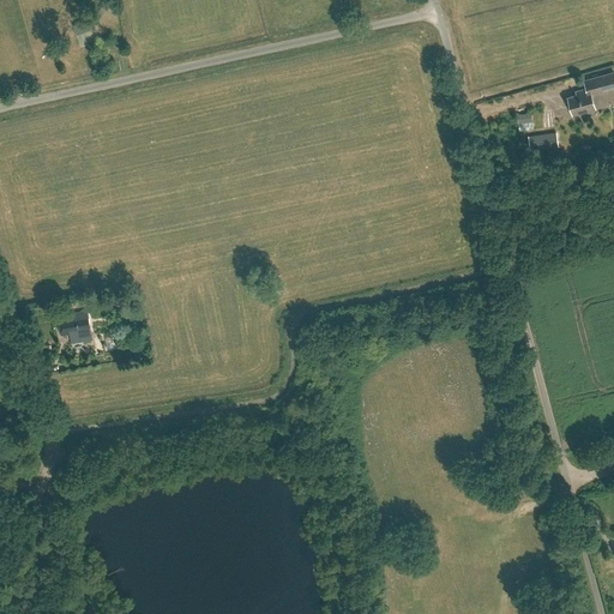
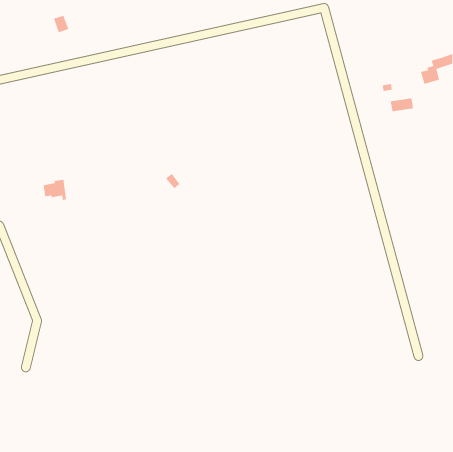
building: [59,313,91,342] -> [43,179,67,200]

